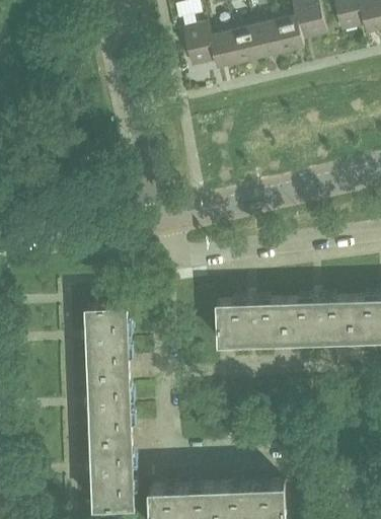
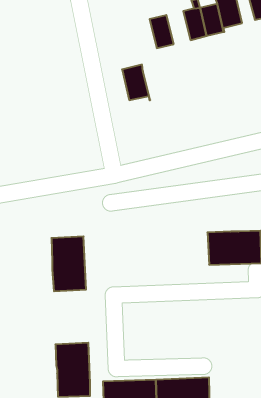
building: [230,22,260,64] -> none
building: [182,24,218,69] -> [122,65,150,100]
building: [215,301,284,345] -> none
building: [88,373,132,442] -> none

